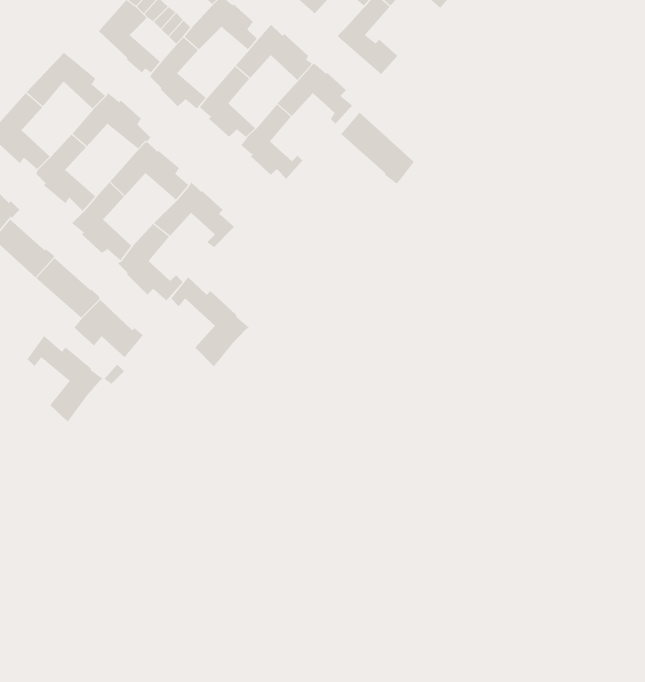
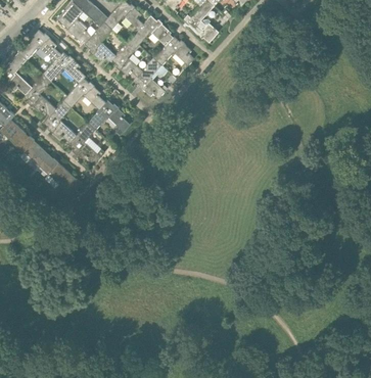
building: [340,112,415,184] -> none
building: [170,276,250,367] -> none
building: [27,335,104,422] -> none

